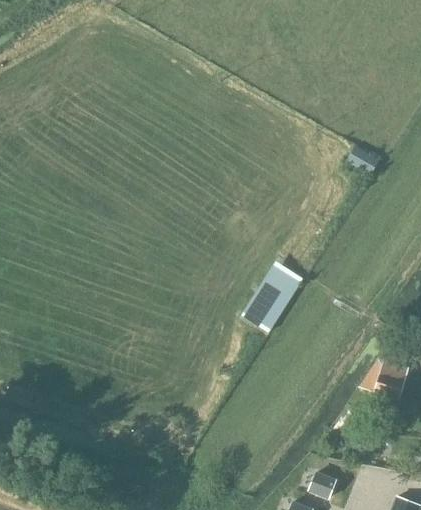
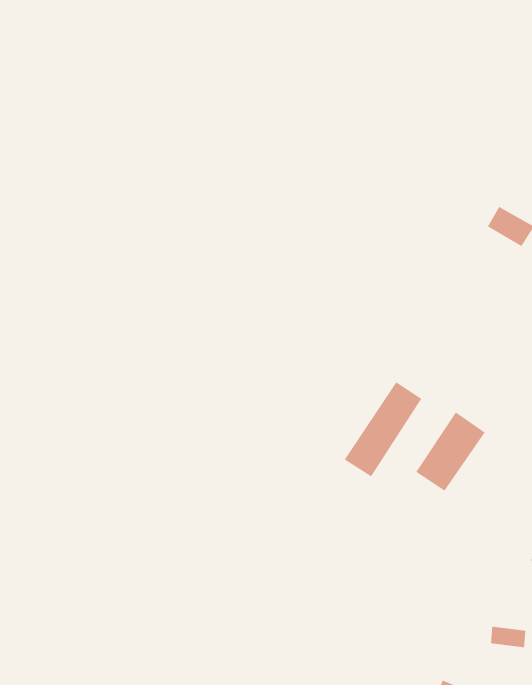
building: none -> [415,412,486,492]

